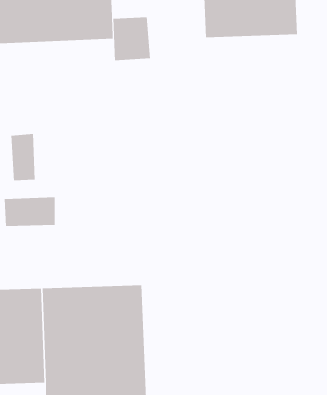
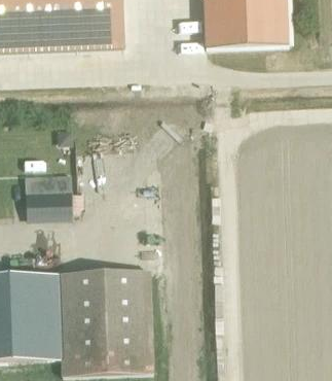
building: [113,17,150,61] -> none
building: [11,133,35,181] -> none

